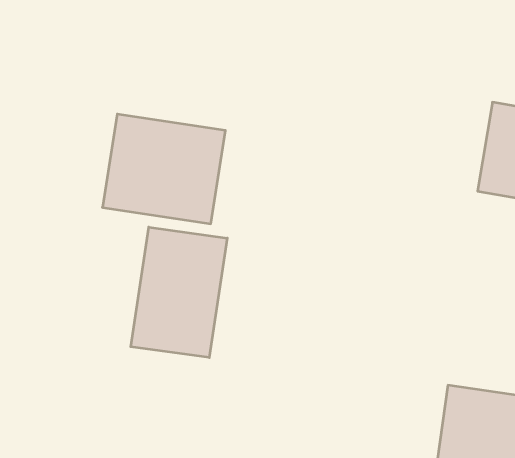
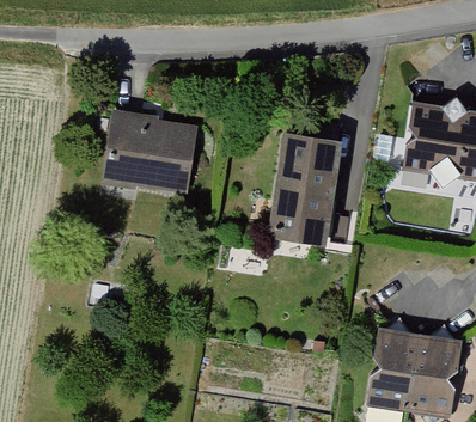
building: none -> [268,133,338,243]
building: [131,227,227,358] -> none

